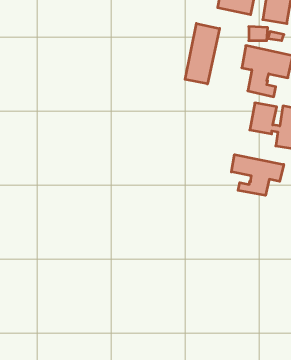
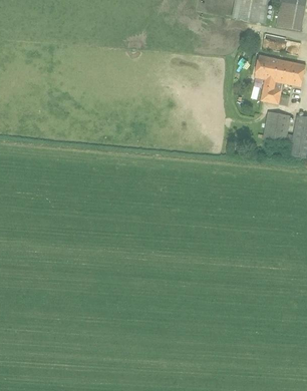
building: [185,23,220,84] -> none
building: [231,155,284,195] -> none

